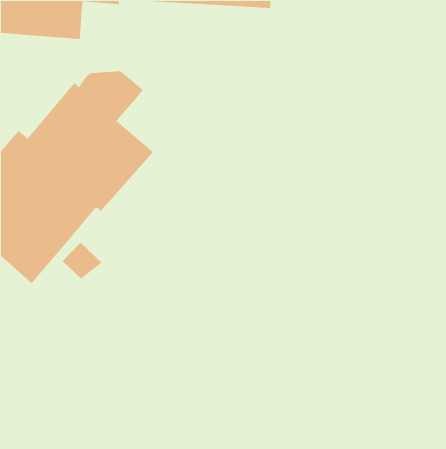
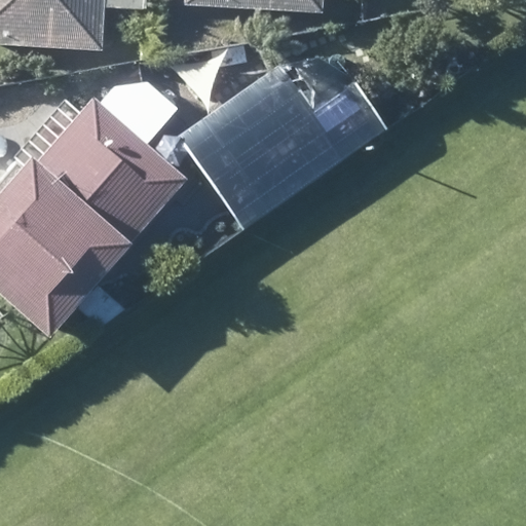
building: none -> [180,57,384,227]

